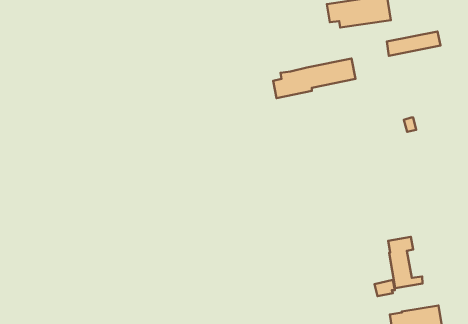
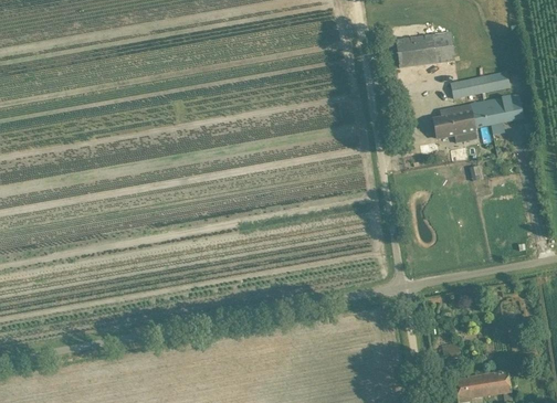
building: [273,58,356,98] -> [433,94,523,137]
building: [388,237,423,288] -> none

